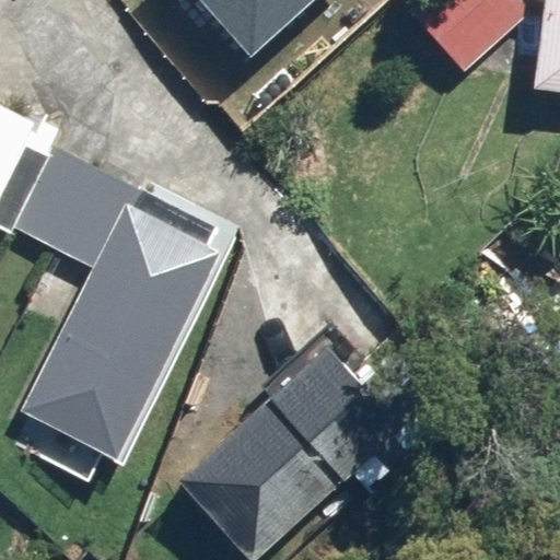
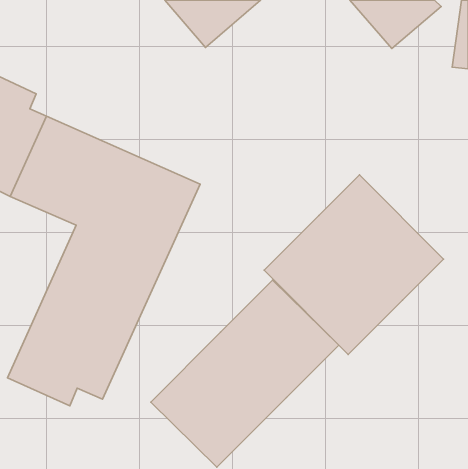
building: none -> [264,175,443,355]

